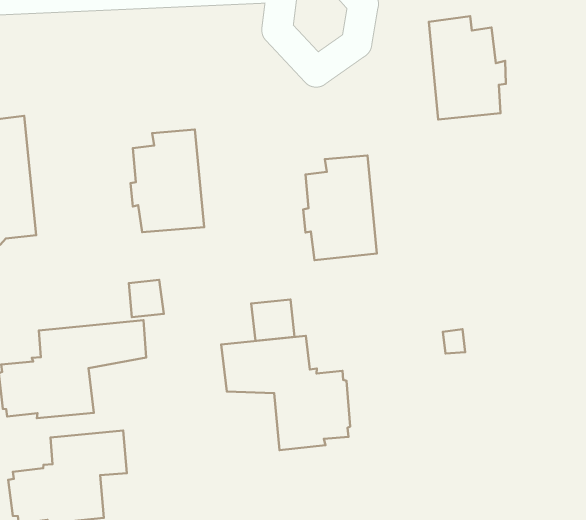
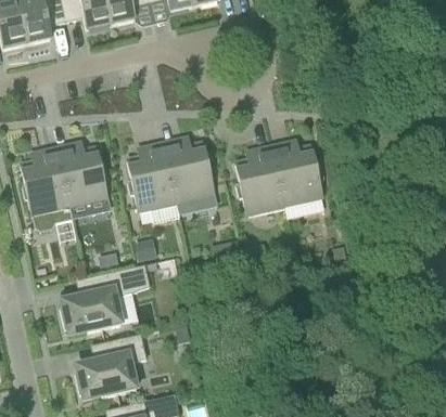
building: [429,16,506,120] -> [272,140,324,206]
building: none -> [58,142,109,207]
building: none -> [164,136,215,203]
building: [221,336,350,450] -> none

